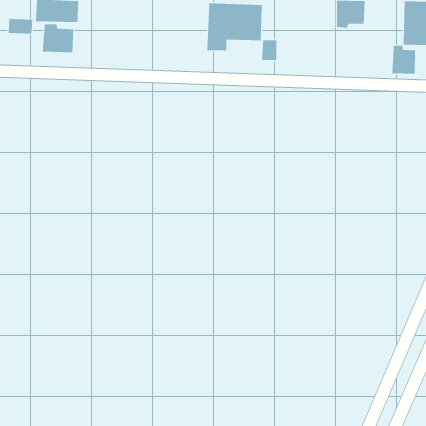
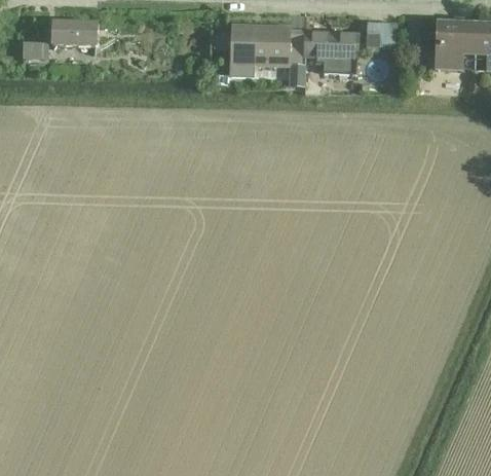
building: none -> [303,30,357,72]
building: [42,24,74,53] -> none
building: [392,45,416,74] -> none

